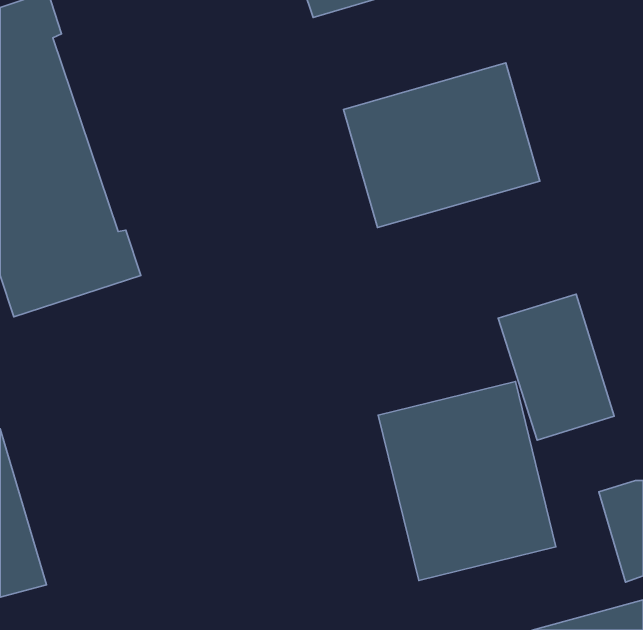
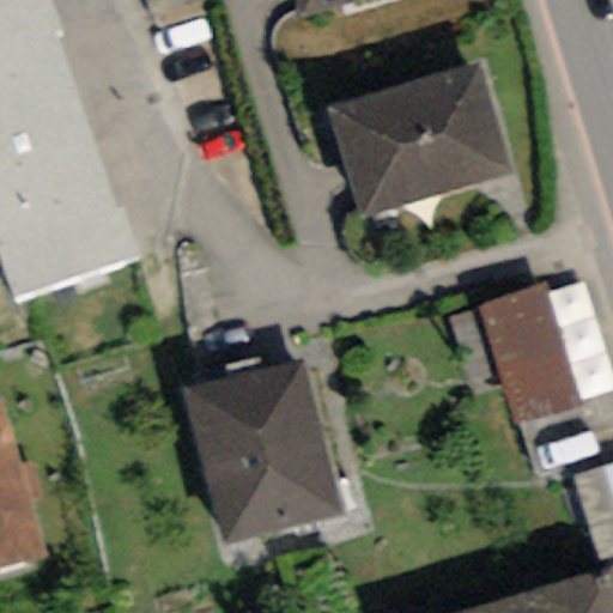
building: none -> [186,357,341,542]
building: [378,382,556,580] -> none

